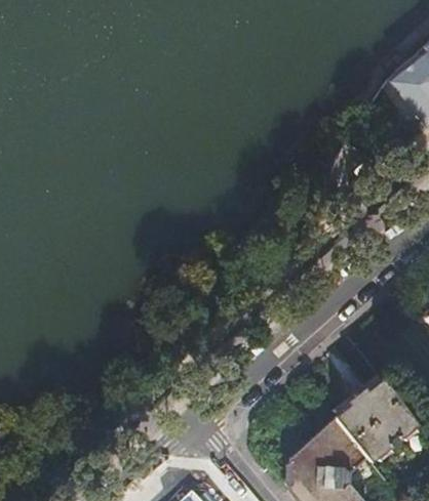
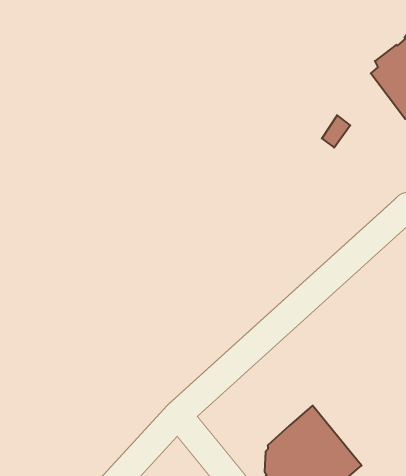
building: [334,379,418,462] -> none

